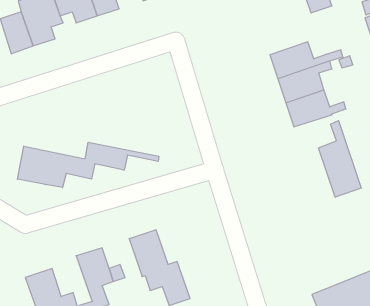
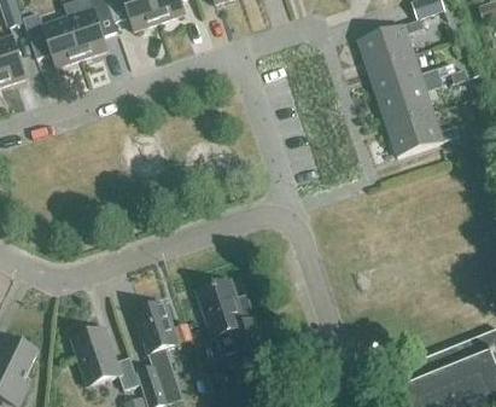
building: none -> [358,19,425,69]
building: [319,121,361,197] -> none
building: [17,142,159,188] -> none

